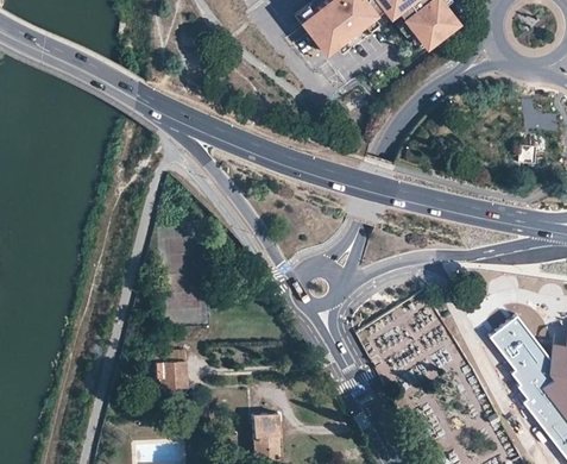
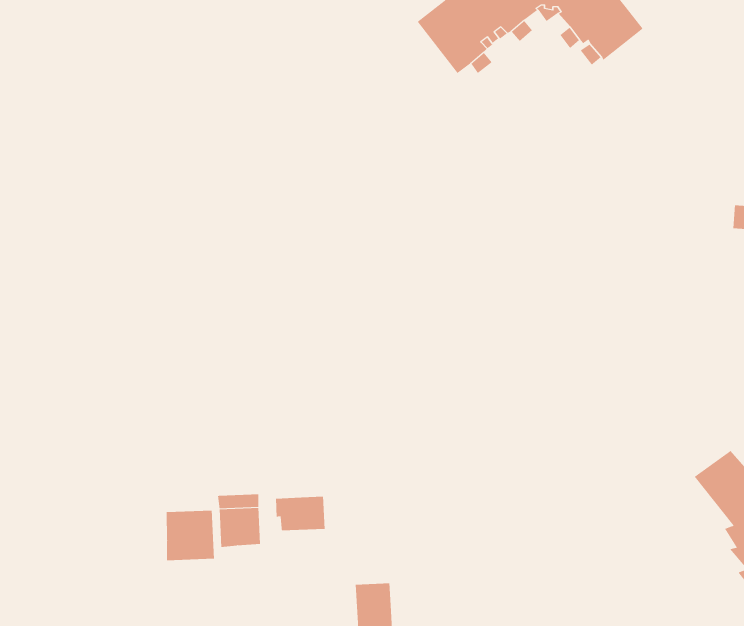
building: none -> [276,496,325,531]
building: none -> [166,510,214,561]

